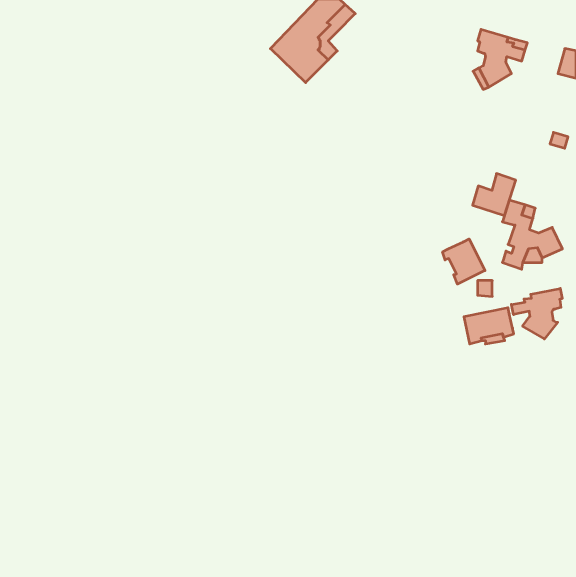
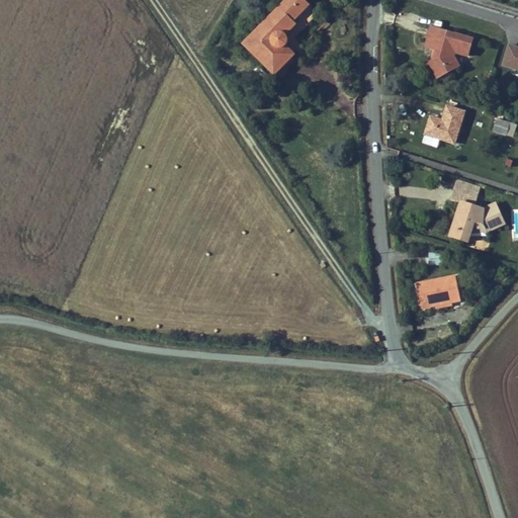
building: [473,174,516,215] -> [424,105,462,143]
building: [443,239,485,284] -> none
building: [511,288,562,339] -> none

